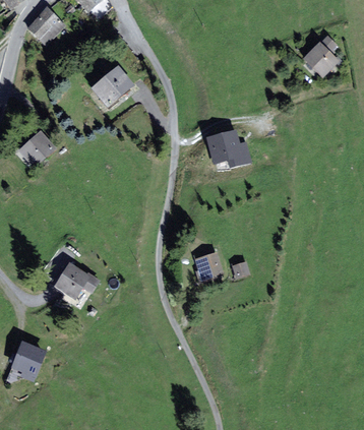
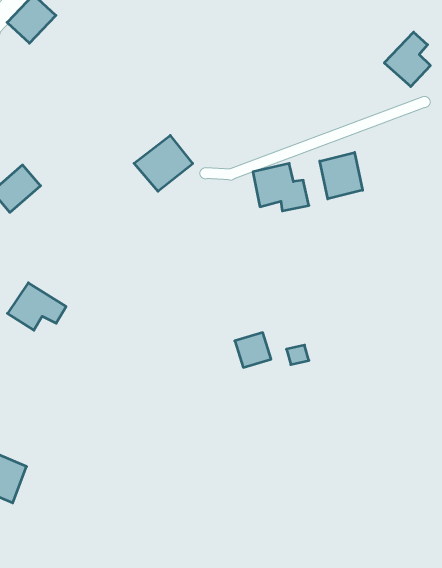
building: [92,66,134,107] -> [134,135,193,191]
building: none -> [320,152,363,199]
building: [54,263,97,298] -> [7,283,66,330]

